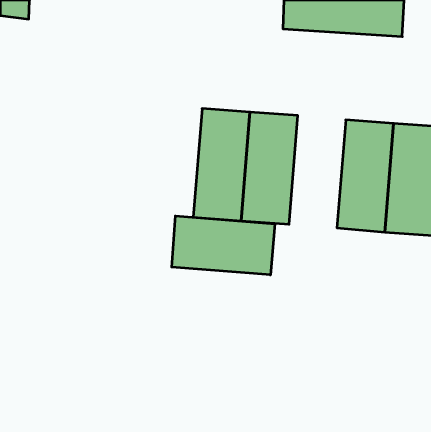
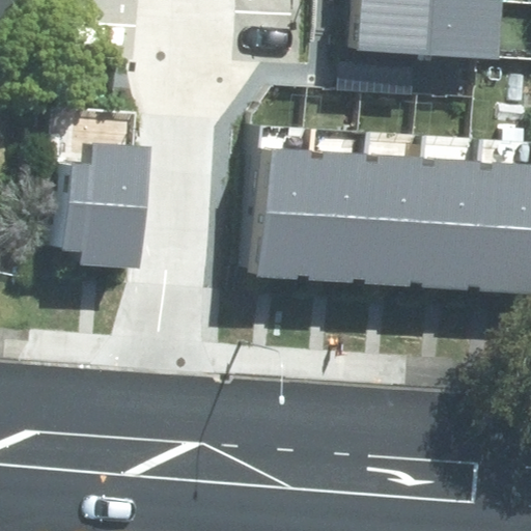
building: none -> [56,142,142,274]
building: none -> [361,152,428,286]
building: [172,216,275,275] -> none

